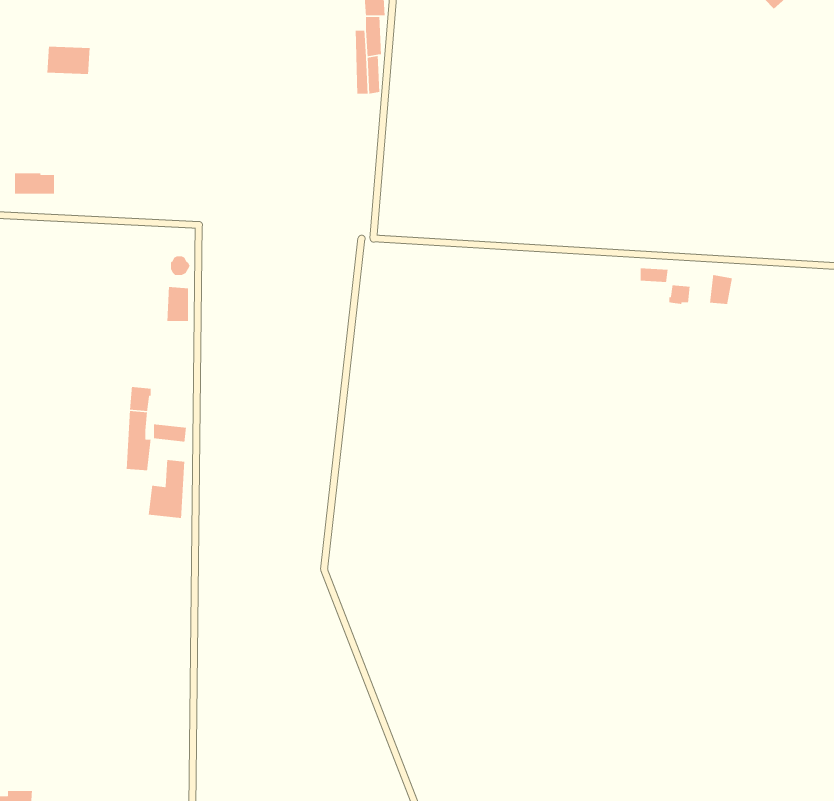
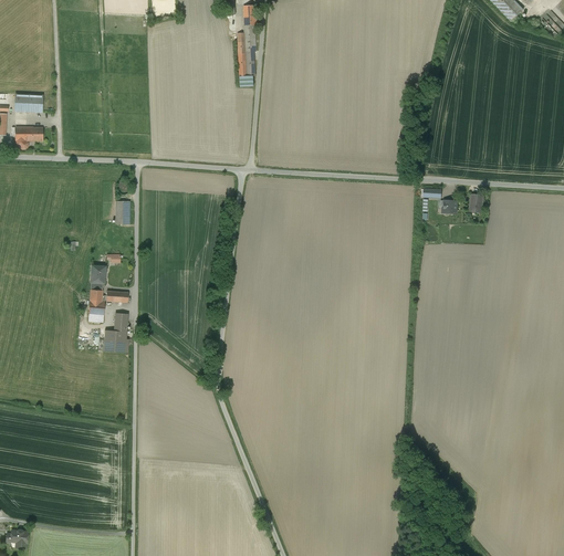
building: [46,46,90,75] -> [14,93,43,112]

